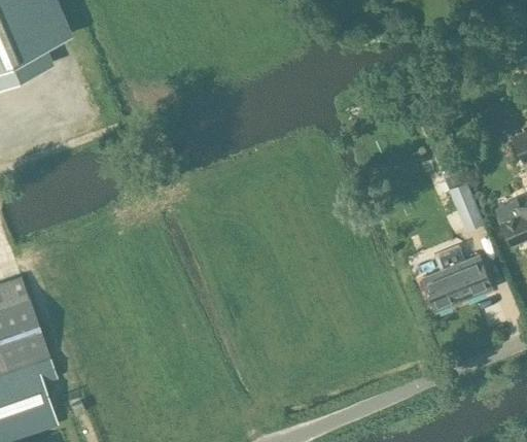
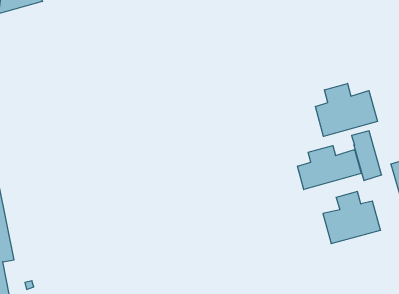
building: none -> [315,83,377,136]
building: none -> [298,146,361,190]

